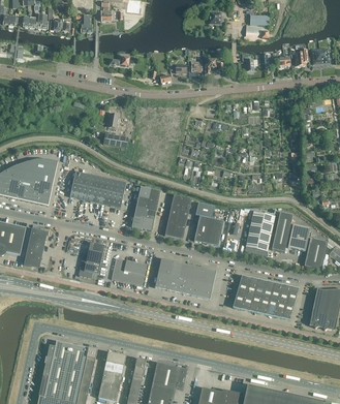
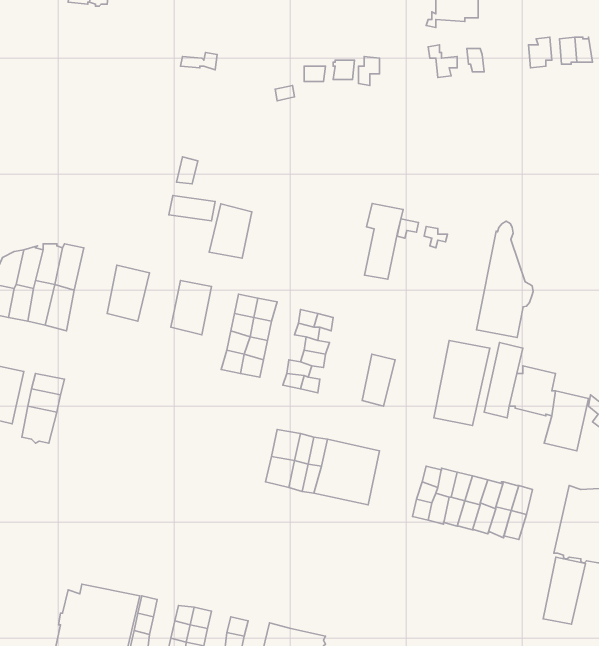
building: none -> [476,221,533,337]
building: [87,175,110,204] -> [209,204,252,258]
building: [194,203,215,243] -> [365,204,403,279]
building: [79,242,104,277] -> none
building: [112,258,147,285] -> none
building: none -> [543,557,586,624]

